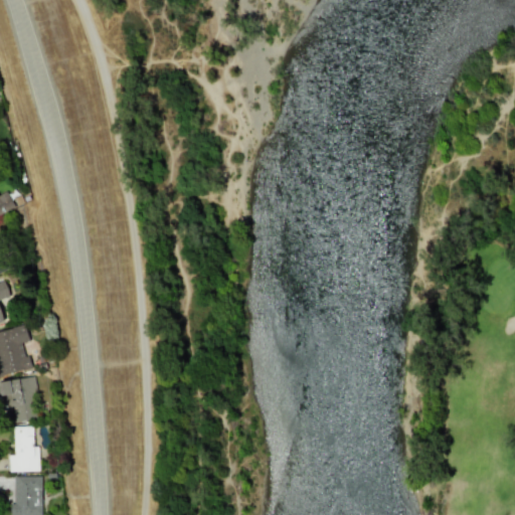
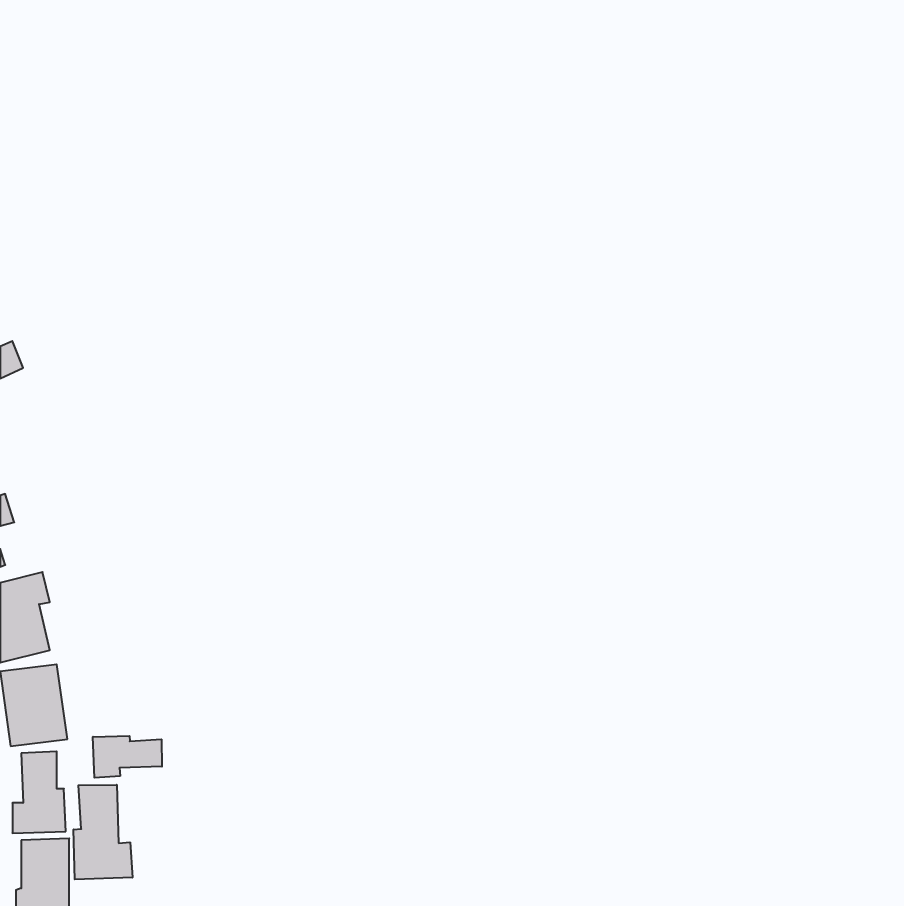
building: none -> [93,736,162,778]
building: none -> [74,785,132,879]

